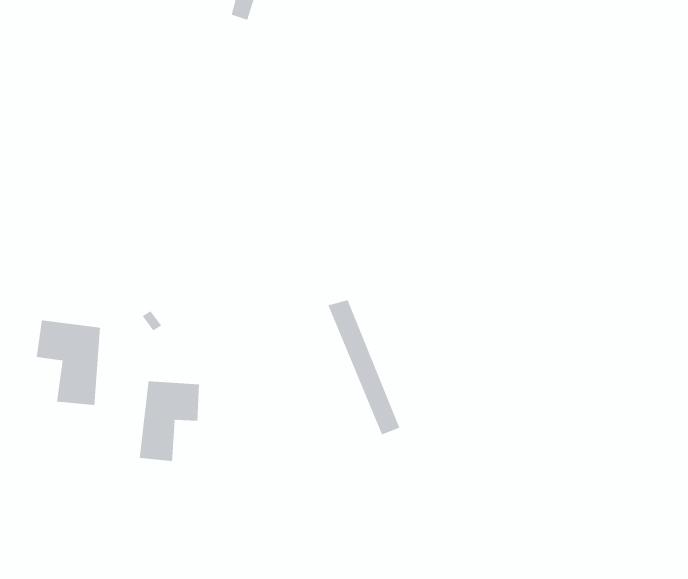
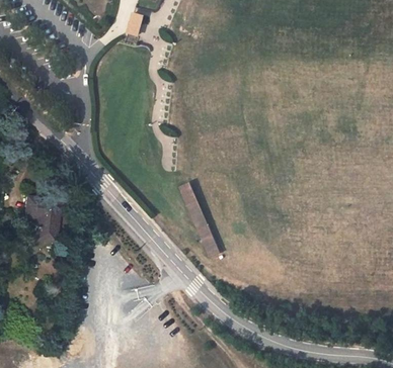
building: [139,381,200,462] -> none

